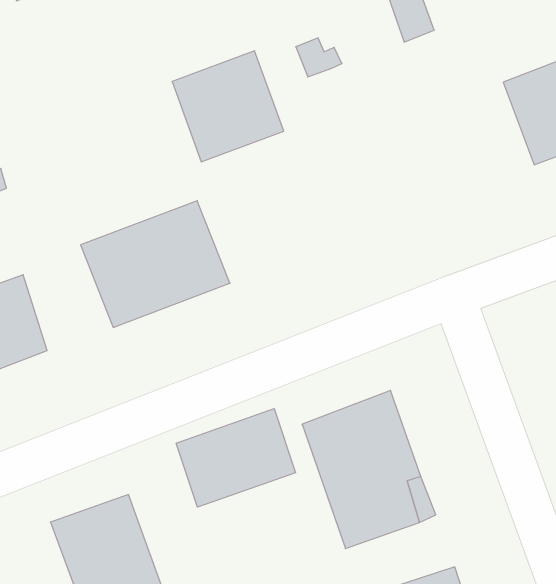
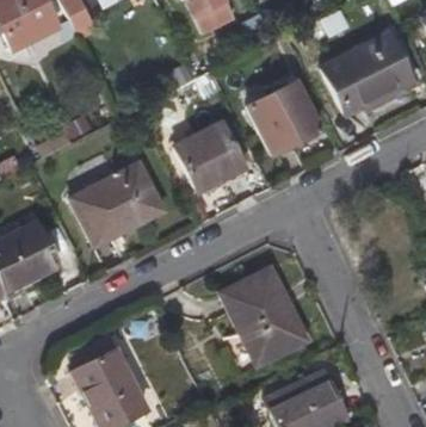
building: [172,51,284,162] -> [174,119,247,192]
building: none -> [247,81,321,153]
building: [176,409,296,507] -> none

